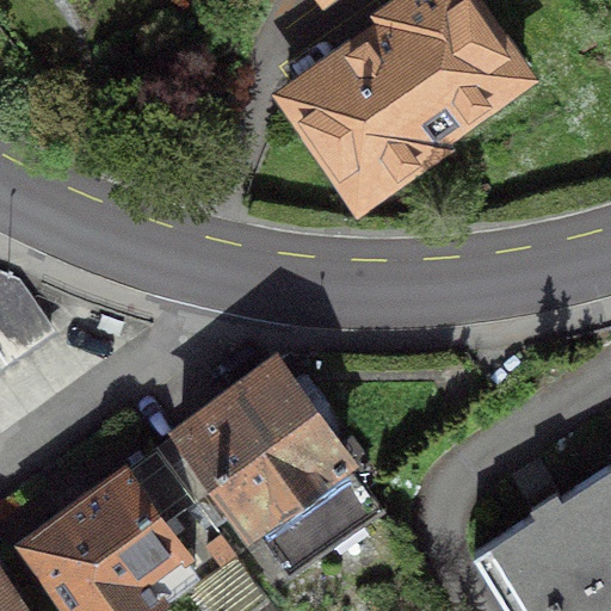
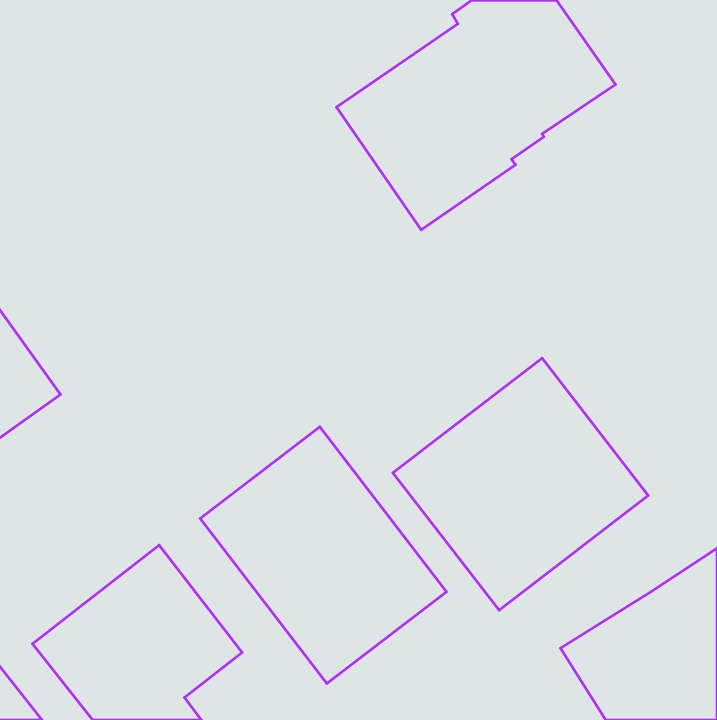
building: none -> [393,358,648,610]

